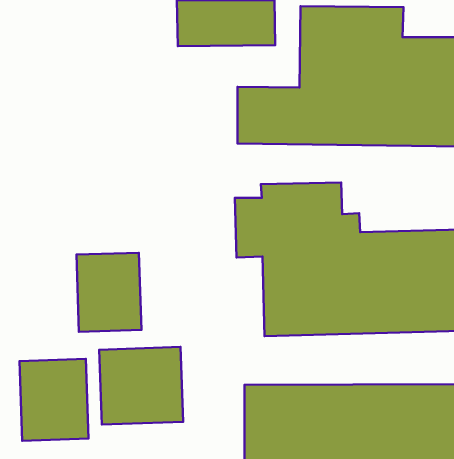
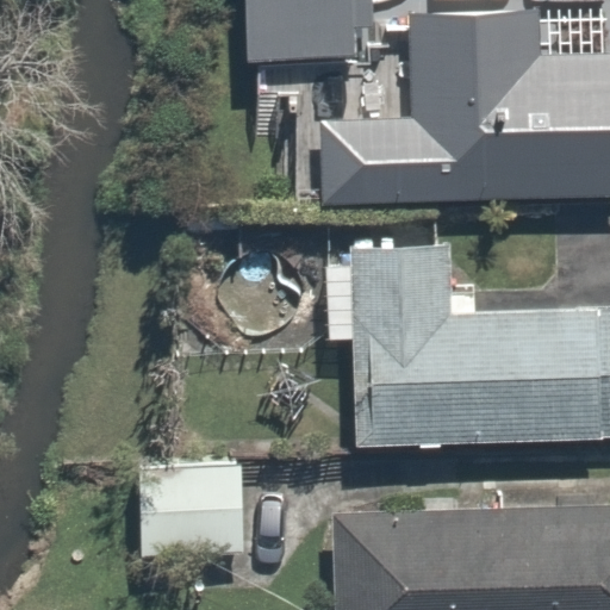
building: [76,253,142,332] -> none
building: [20,359,88,441] -> none

